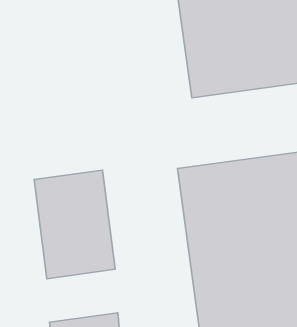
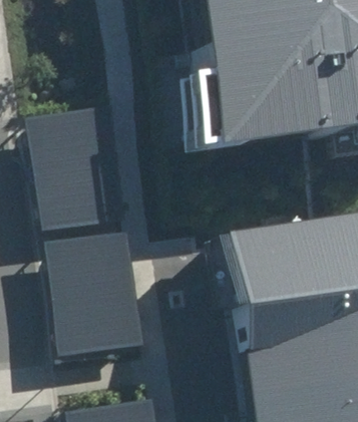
building: none -> [27,107,122,235]

